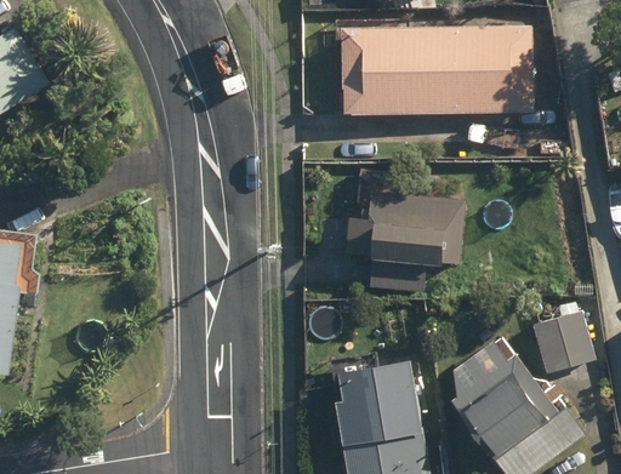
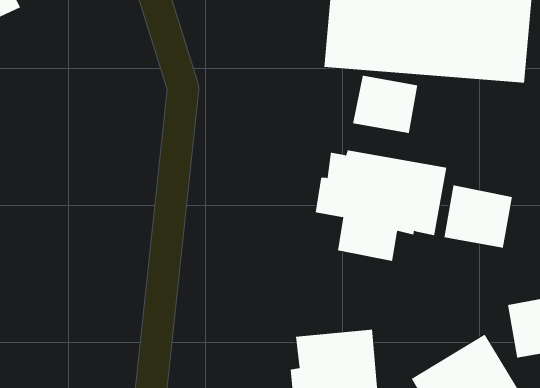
building: none -> [352,75,418,134]
building: none -> [444,185,513,248]

